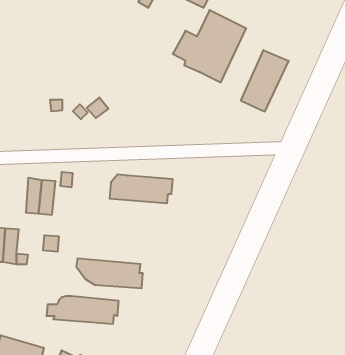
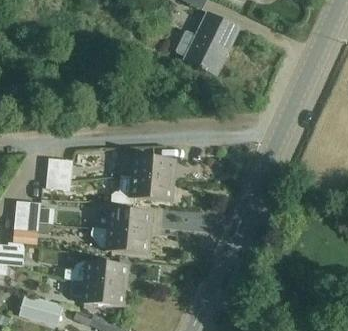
building: [241,50,289,112] -> none
building: none -> [111,175,173,203]
building: none -> [92,206,152,232]
building: none -> [71,280,125,306]

